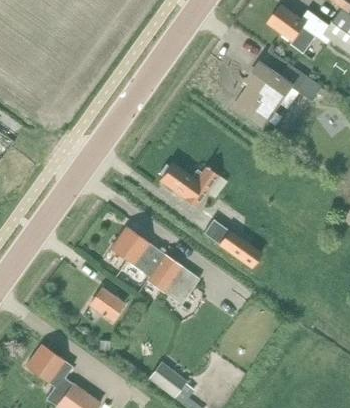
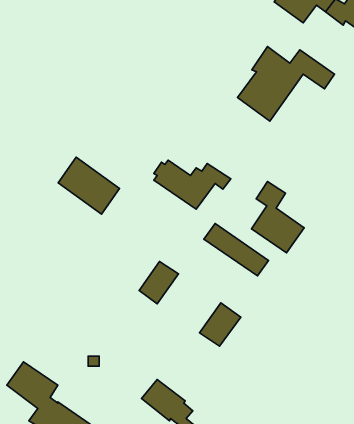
building: none -> [252,181,304,253]
building: [109,226,164,277] -> [58,157,119,214]
building: [162,265,199,304] -> [200,303,241,346]
building: [89,288,123,321] -> none

